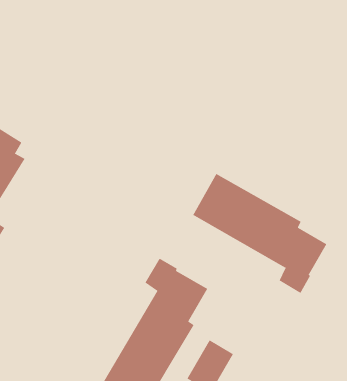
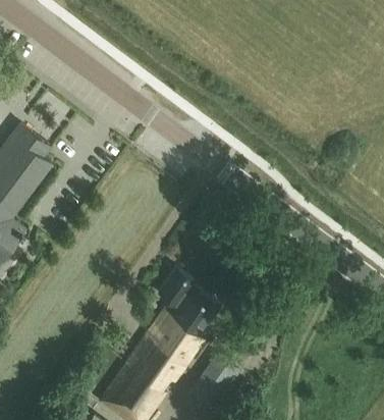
building: [192,173,327,294] -> none

